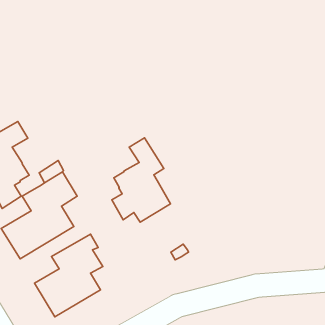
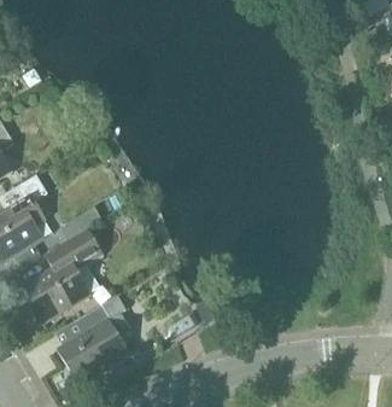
building: [112,138,171,222] -> none

